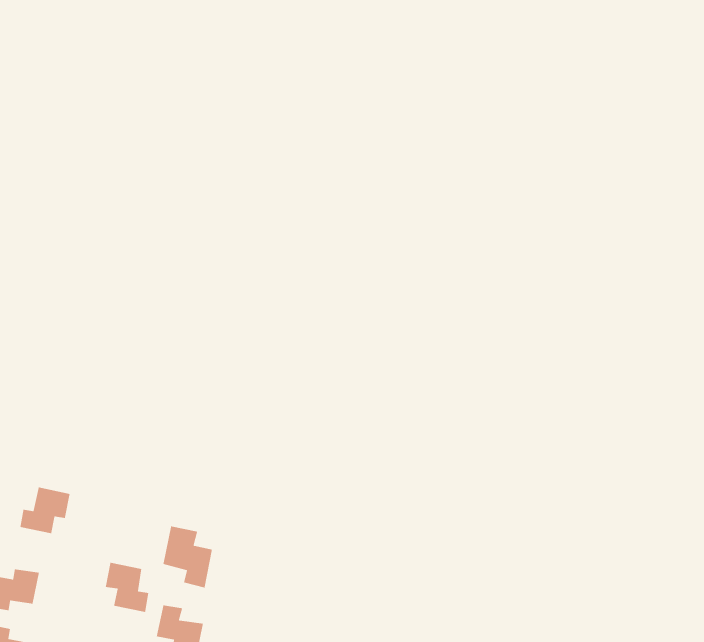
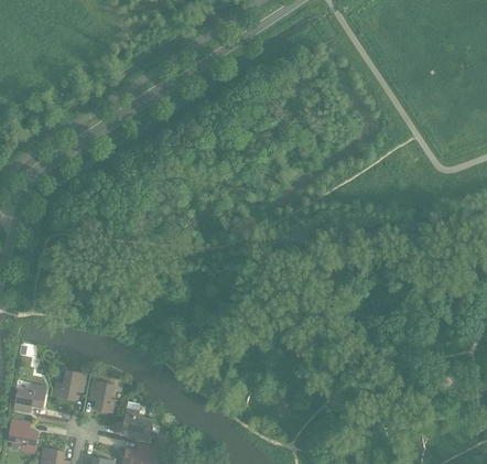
building: [19,487,71,534] -> [52,369,85,400]
building: [163,525,213,588] -> none

